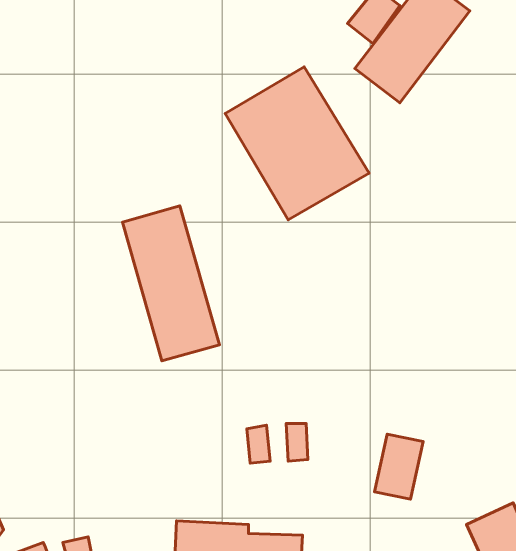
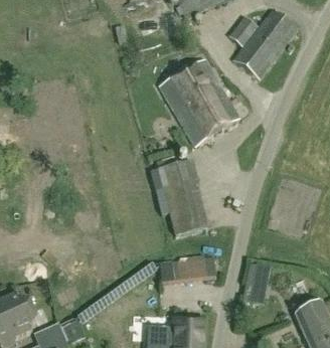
building: [122,206,220,361] -> [159,154,213,240]

